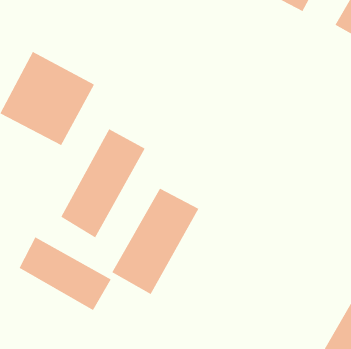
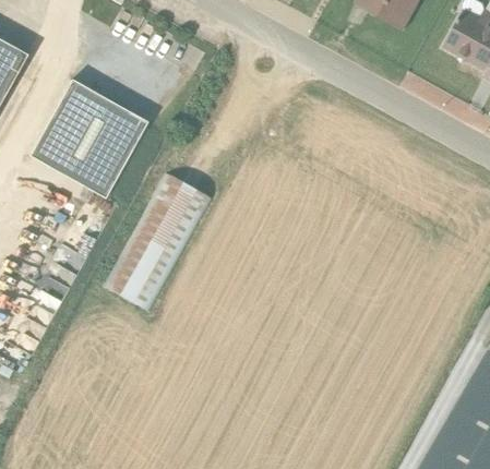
building: [111,188,199,295] -> none
building: [19,237,111,311] -> none

